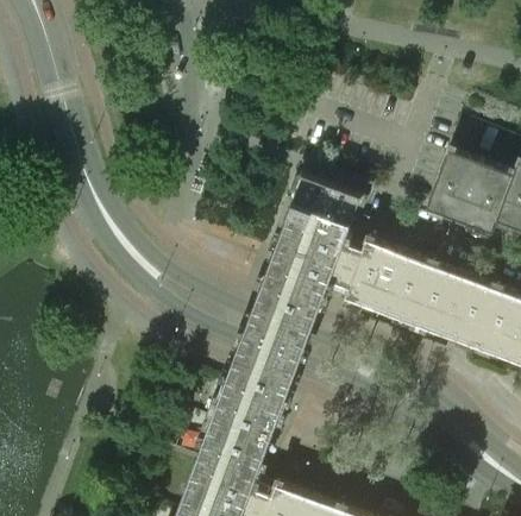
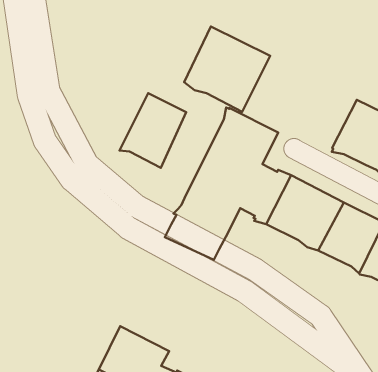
building: none -> [184,26,270,112]
building: none -> [120,93,186,168]
building: [203,333,303,464] -> none

